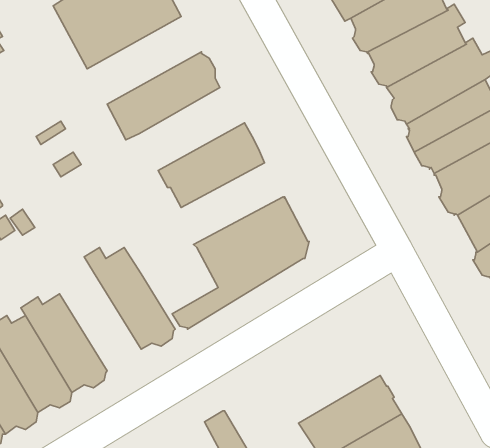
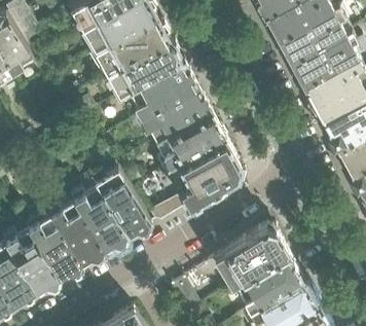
building: none -> [89,15,170,77]
building: none -> [129,61,198,118]
building: none -> [156,113,224,172]
building: none -> [73,186,130,252]
building: none -> [215,227,289,288]

